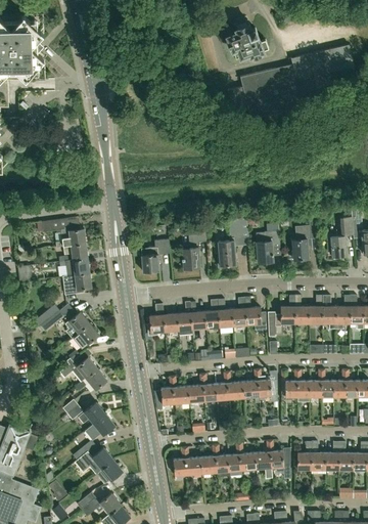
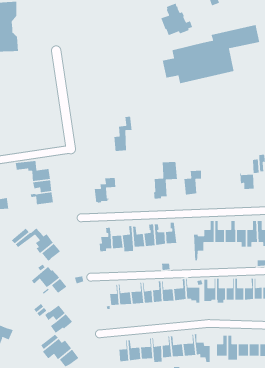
building: [292,212,316,260] -> none
building: [182,222,206,268] -> [113,116,133,152]
building: [62,272,92,295] -> none
building: [244,297,266,331] -> none

